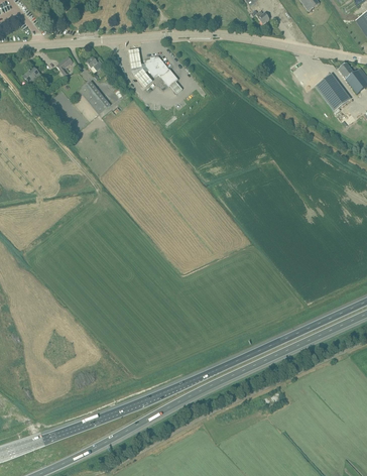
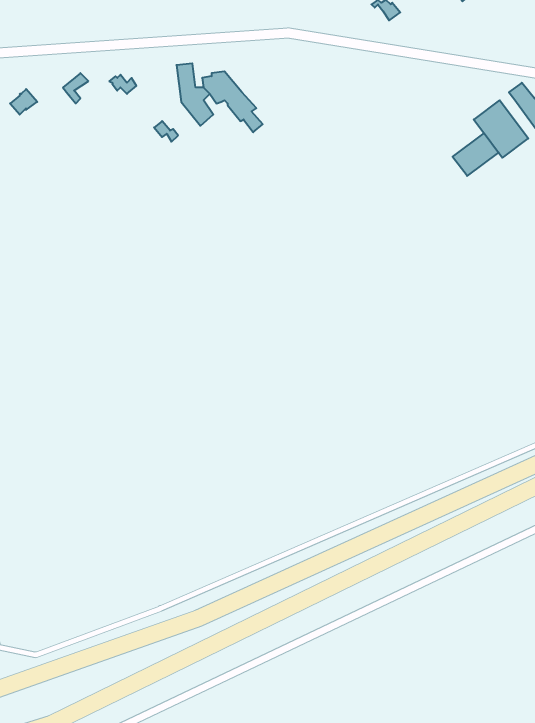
building: [80,82,110,114] -> none
building: none -> [453,133,499,176]

